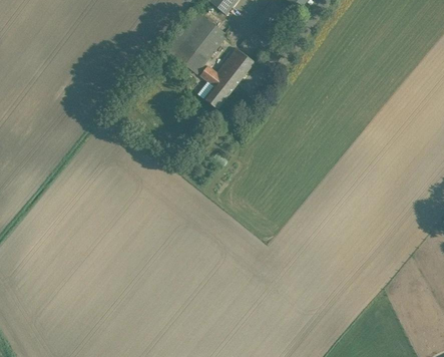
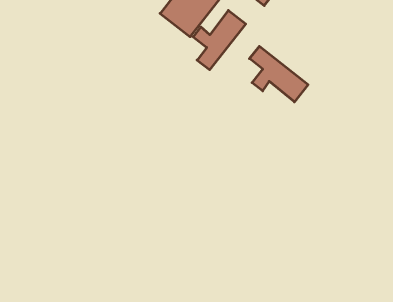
building: none -> [249,46,308,102]

